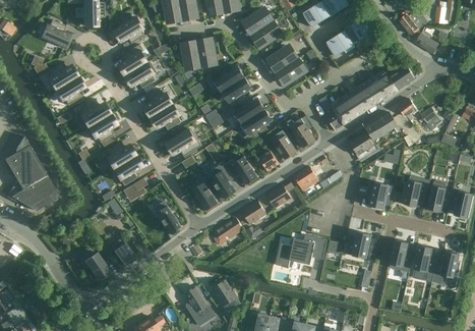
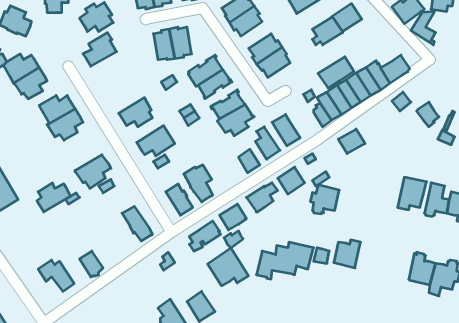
building: [124,60,156,88] -> none
building: [142,89,173,117] -> none
building: [364,111,397,140] -> [318,57,354,88]
building: [104,143,134,169] -> [37,183,71,212]
building: [226,156,257,184] -> none
building: [367,181,394,208] -> [310,185,339,214]
building: [389,238,413,272] -> none
building: none -> [208,248,248,286]

